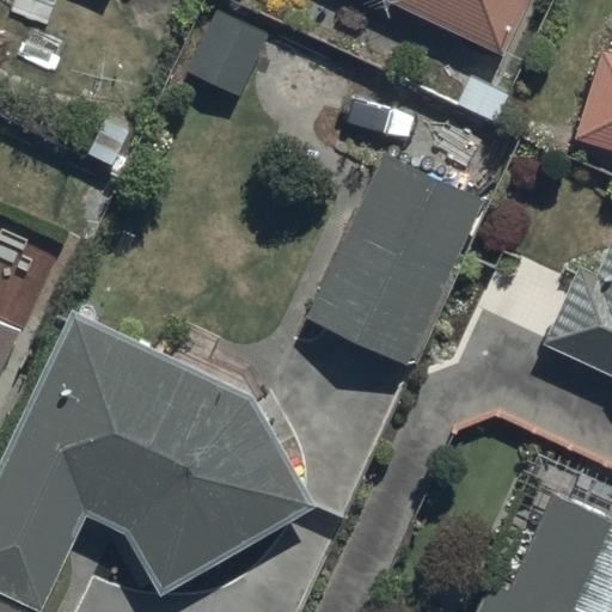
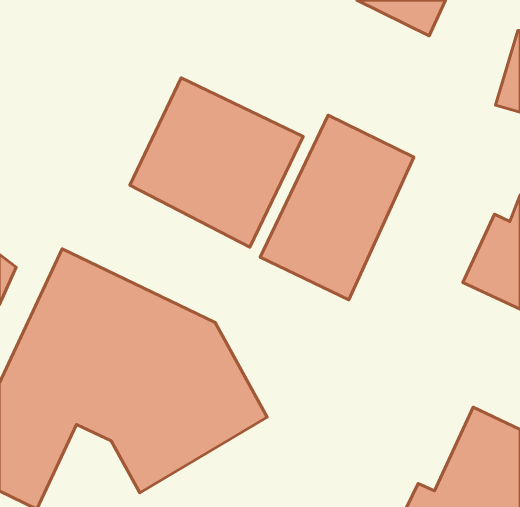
building: none -> [130,78,303,247]

